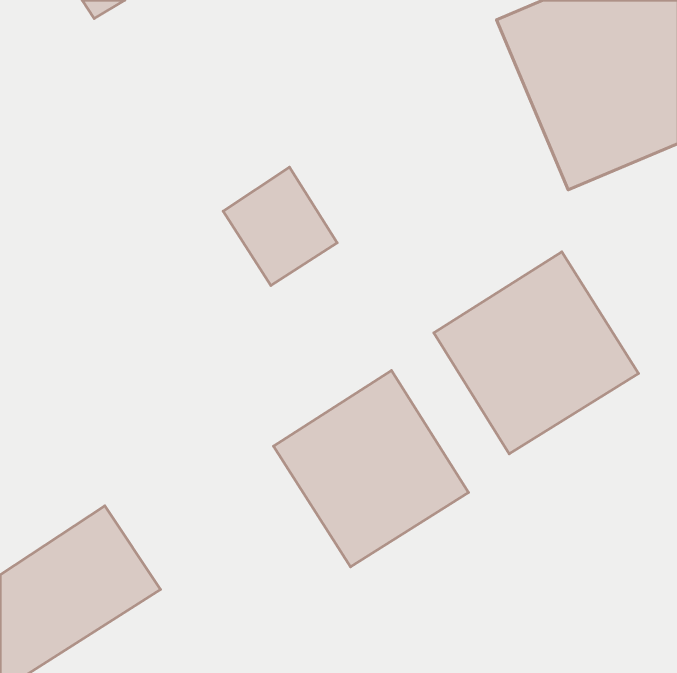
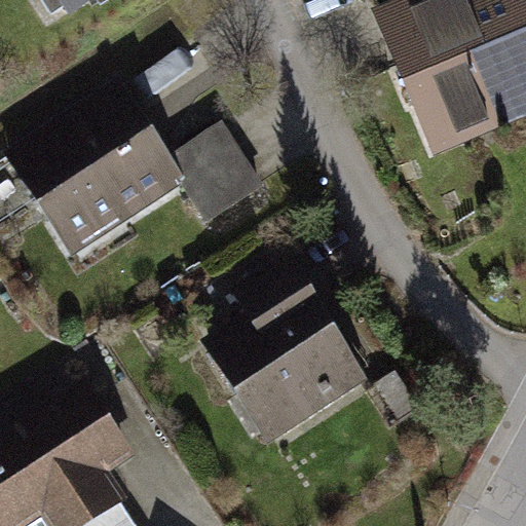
building: none -> [16,97,178,252]
building: [434,252,639,454] -> none

